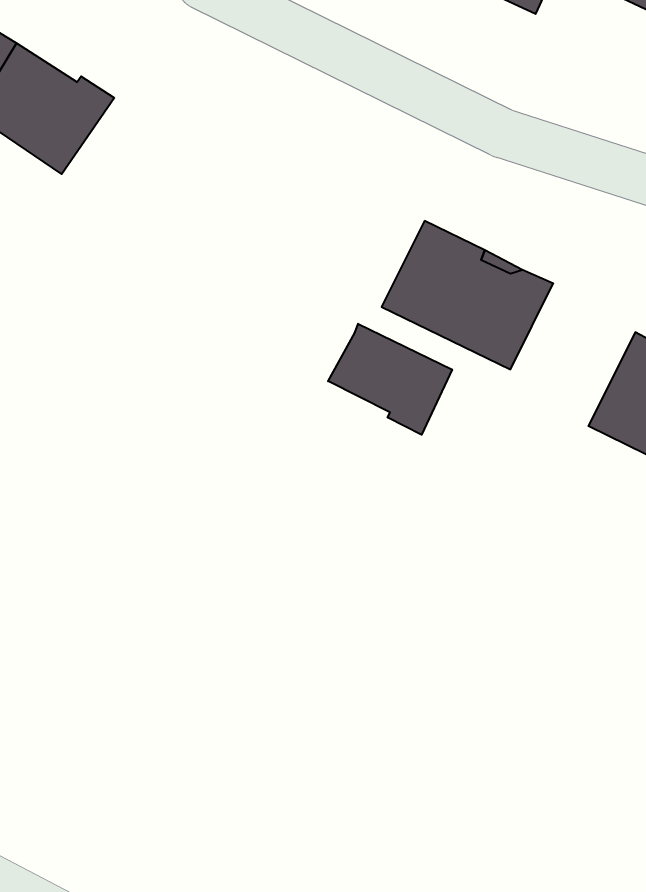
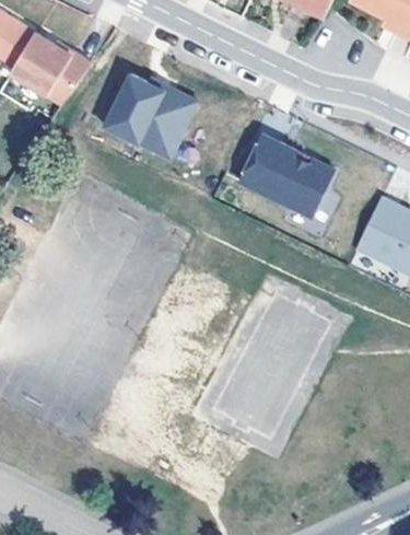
building: none -> [104,73,197,158]
building: [328,324,452,435] -> none

